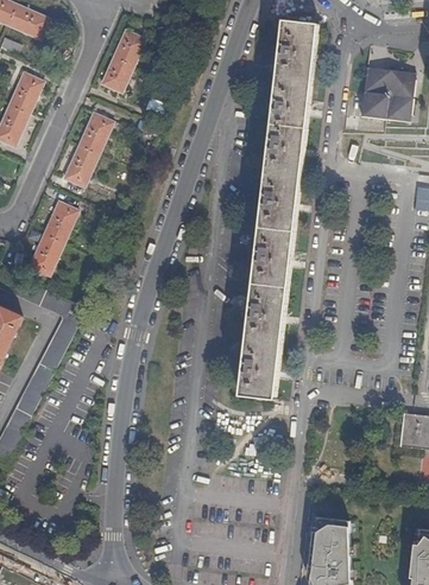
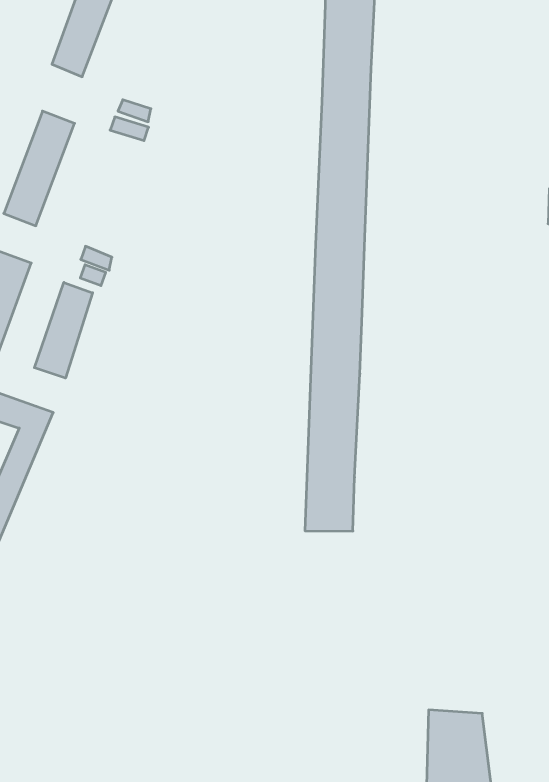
building: [360,68,414,122] -> none
building: none -> [34,282,93,378]

